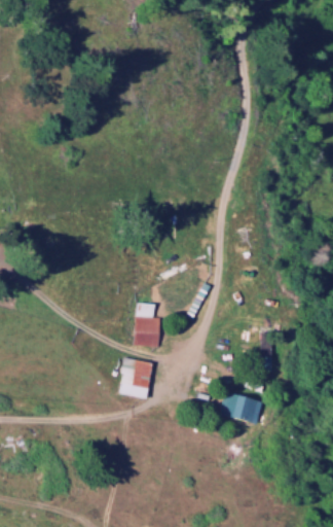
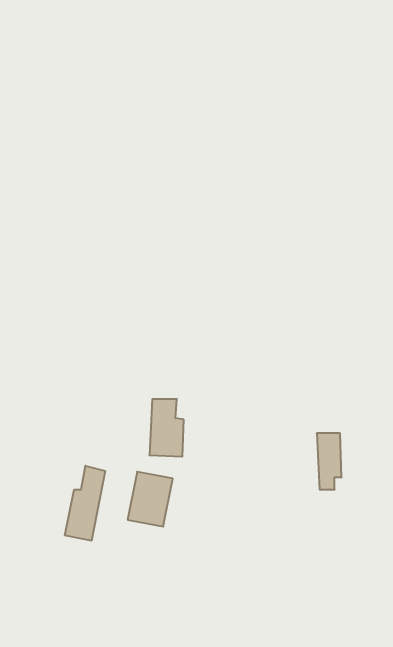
building: none -> [65,466,105,541]
building: [229,394,261,424] -> none

